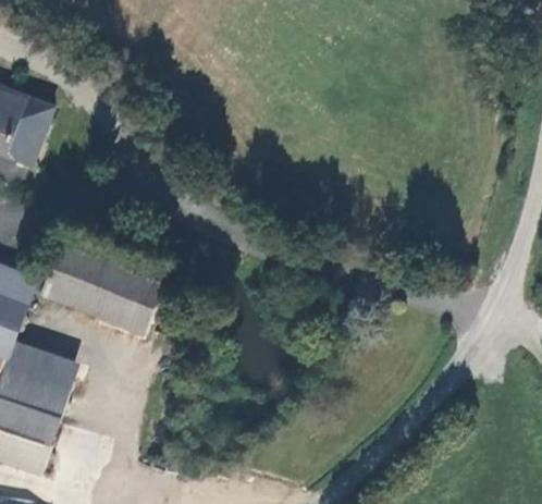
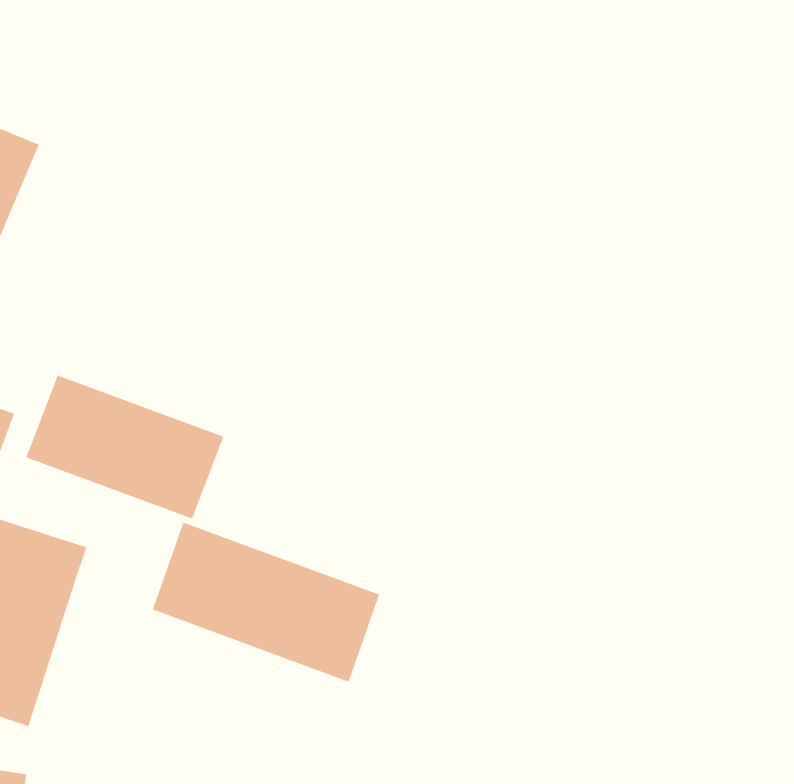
building: none -> [152,522,380,682]

